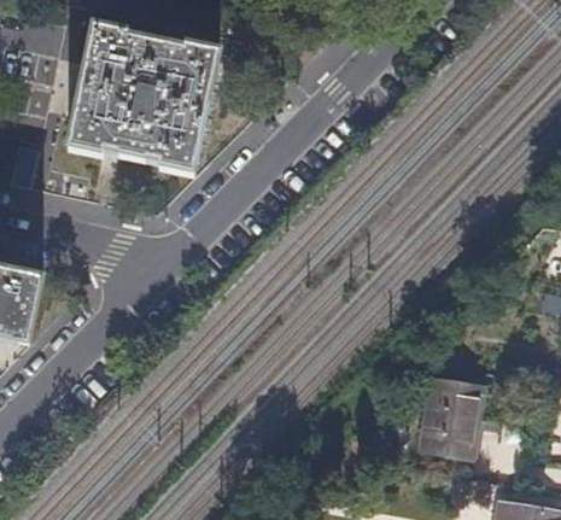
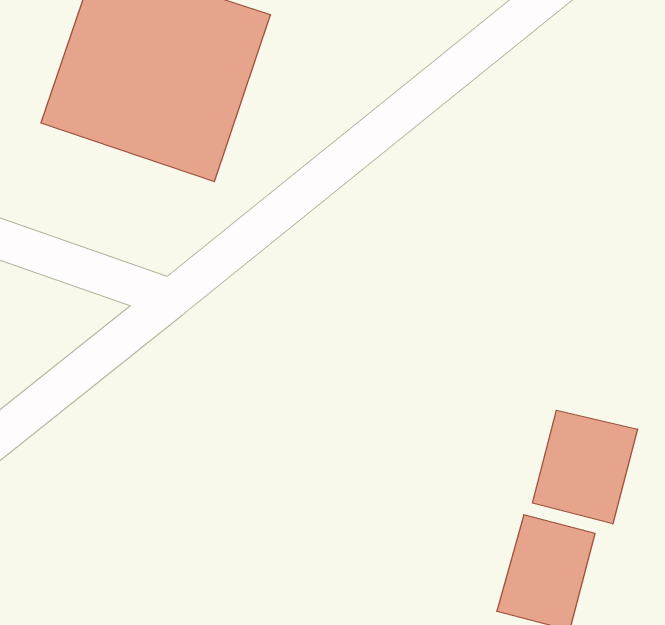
building: none -> [533,410,638,524]

